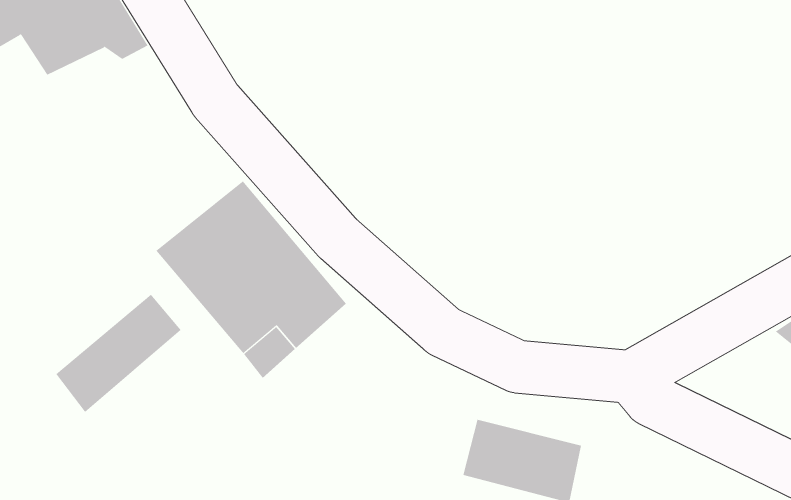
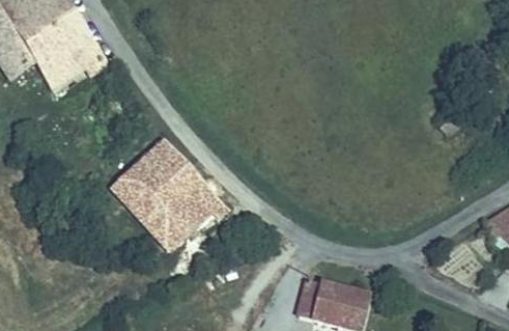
building: [56,294,182,413] -> none

